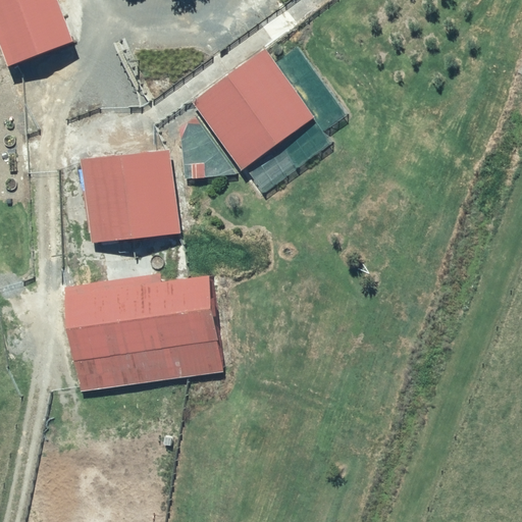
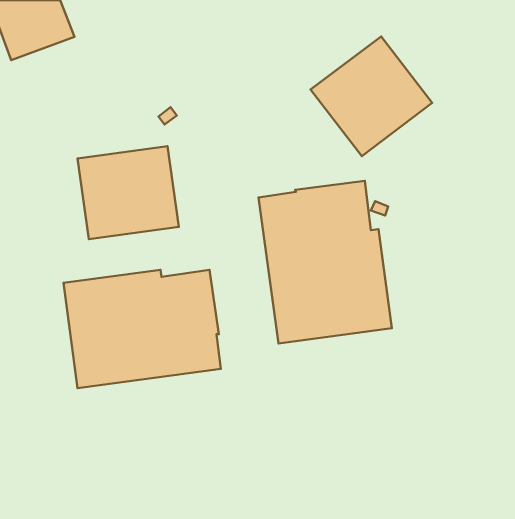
building: [191,50,312,169] -> [311,37,432,156]
building: none -> [259,181,392,344]

